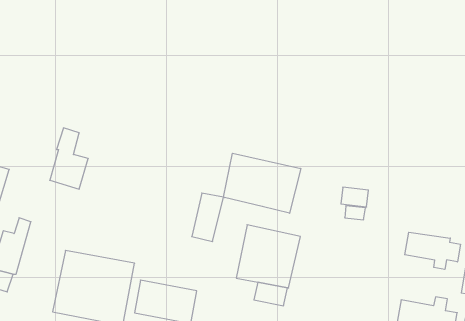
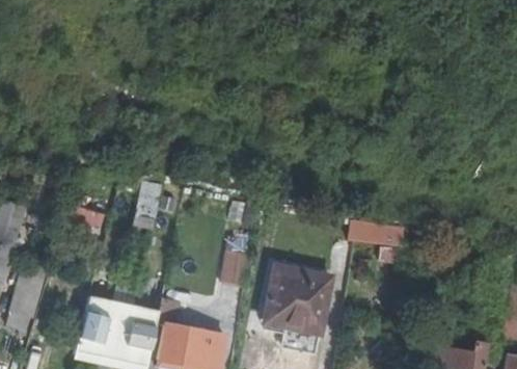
building: none -> [134,179,160,227]
building: [223,153,301,213] -> none
building: [405,232,460,269] -> none

